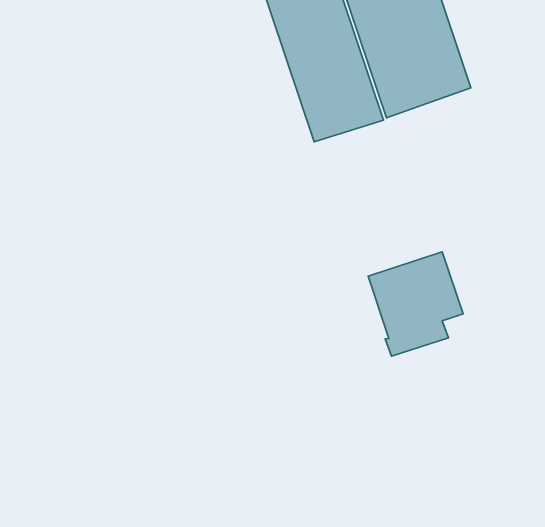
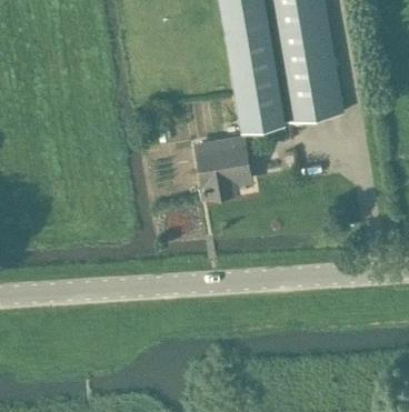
building: [368,252,463,356] -> [196,138,250,197]

